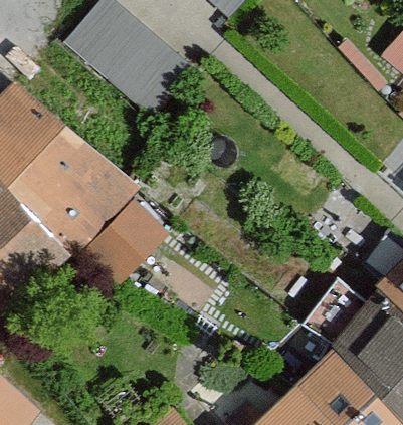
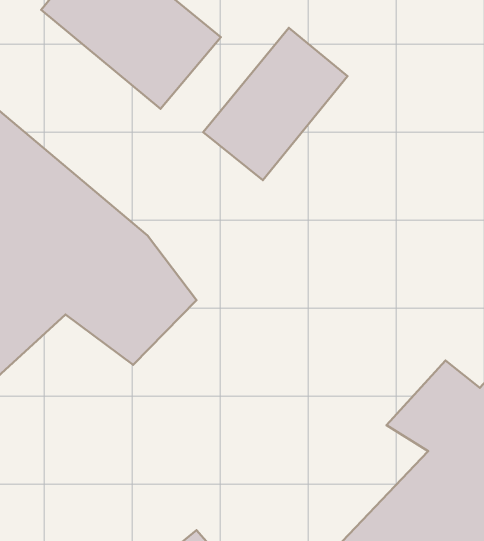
building: none -> [203,28,347,180]

